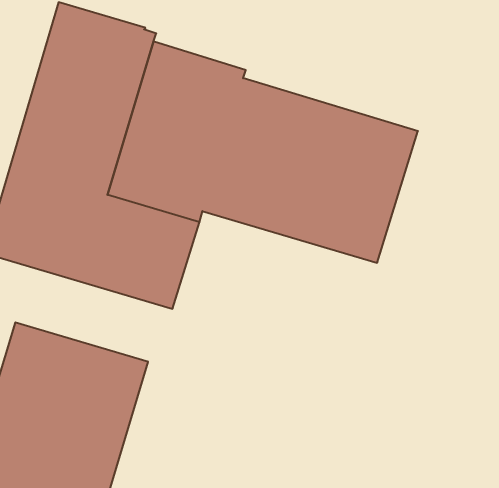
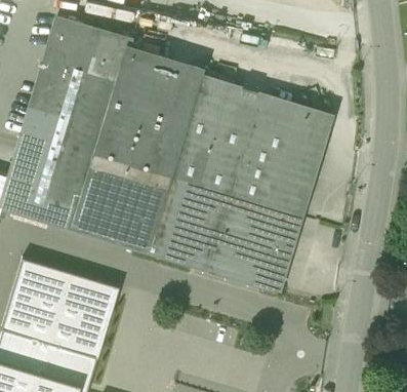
building: none -> [146,175,300,289]

